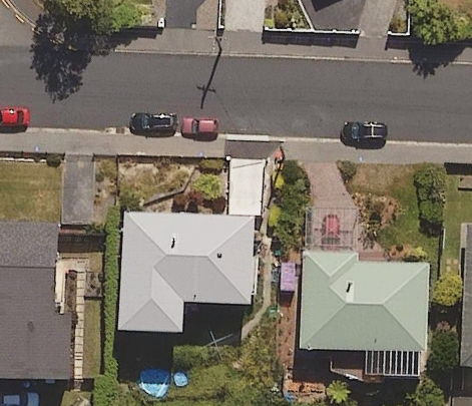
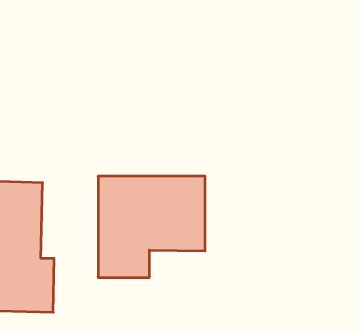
building: [302,250,428,377] -> none

